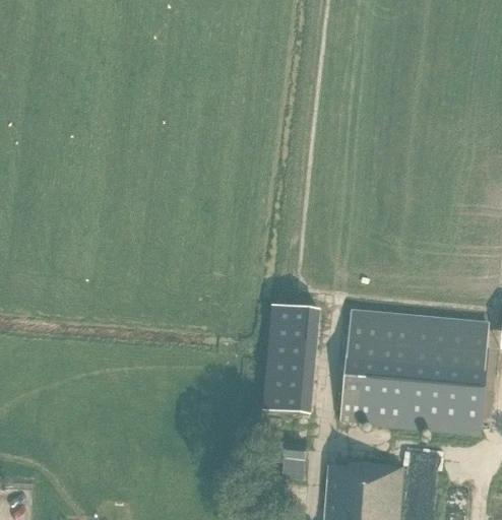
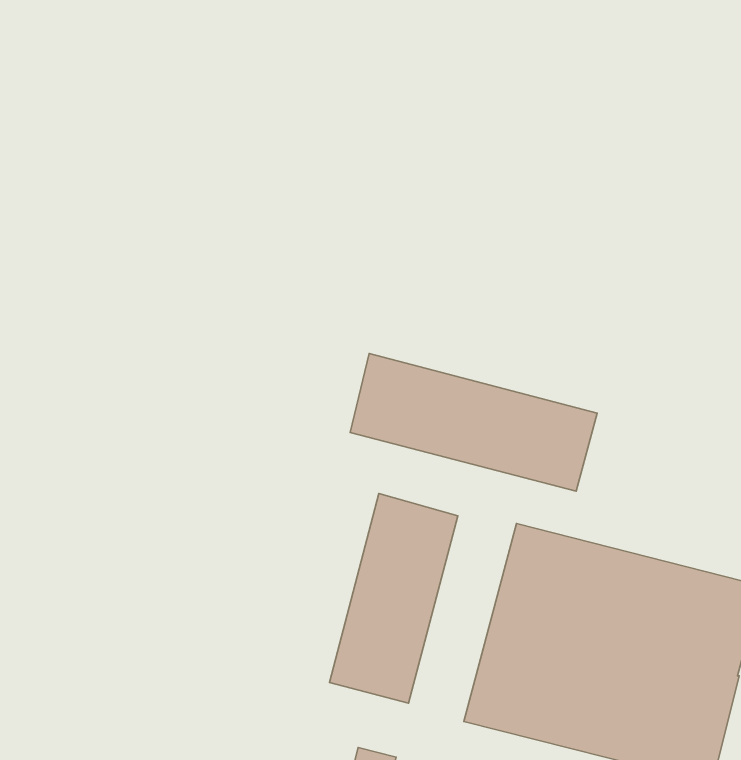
building: none -> [350,354,597,491]

